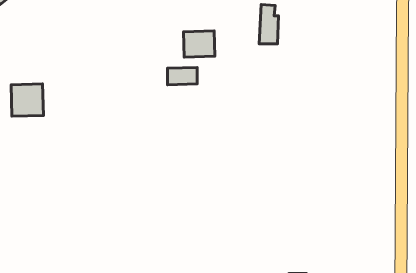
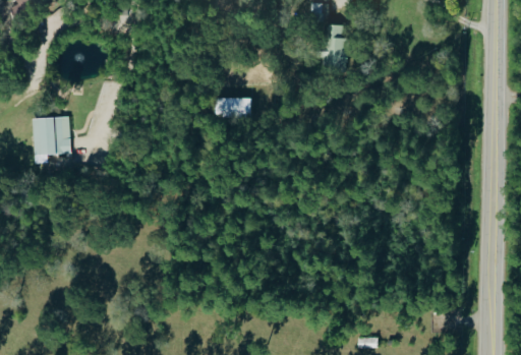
building: [183,31,215,57] -> none

